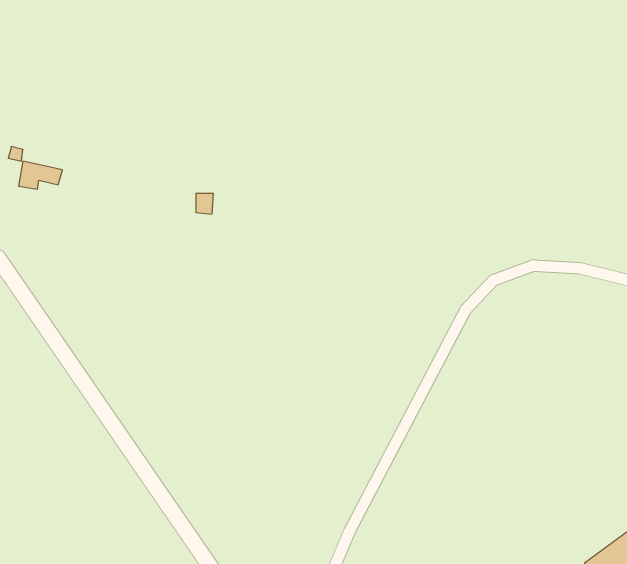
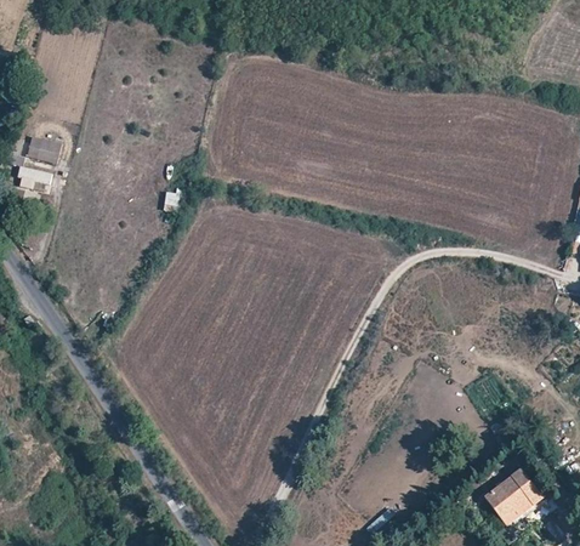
building: none -> [27,135,61,163]

